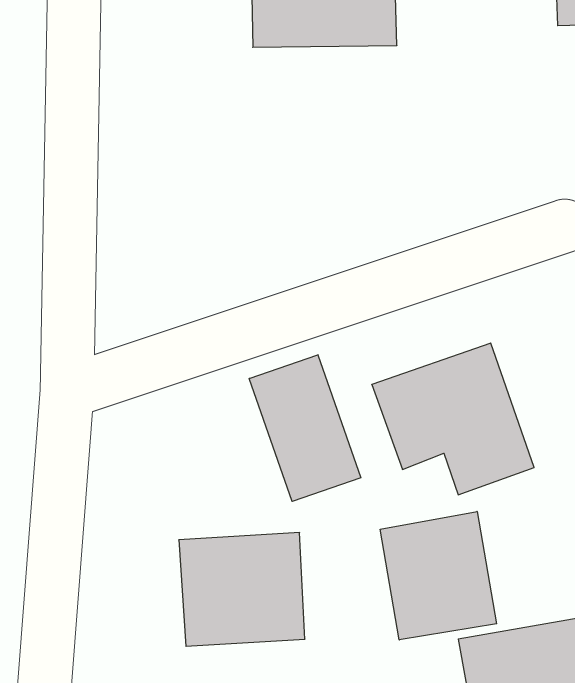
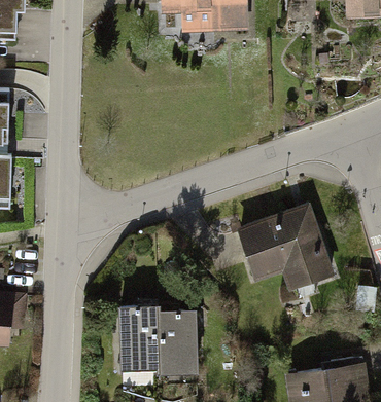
building: [249,355,361,501] -> none
building: [380,511,497,640] -> none

